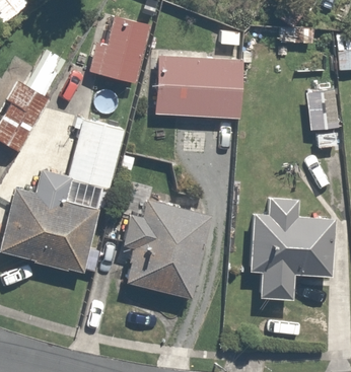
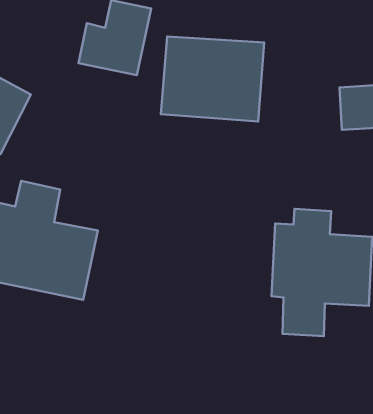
building: [71,121,127,184] -> none
building: [122,198,209,298] -> none

